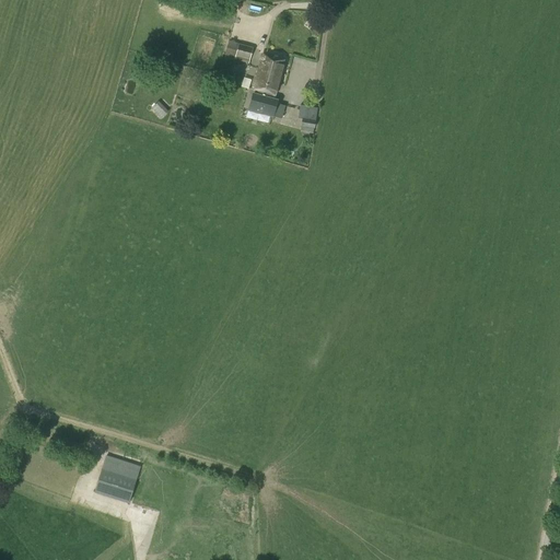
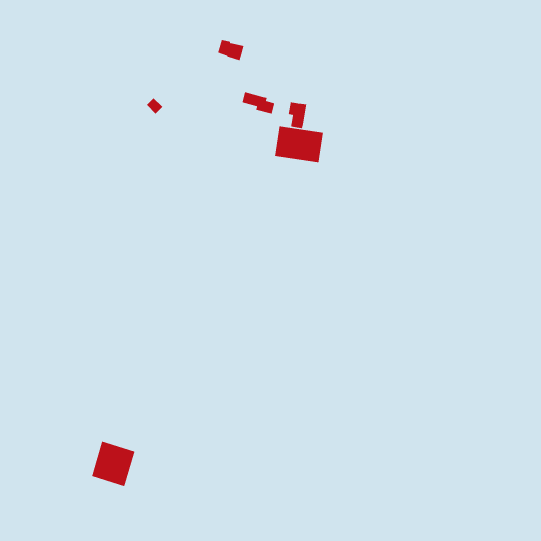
building: [254,55,283,100] -> none
building: none -> [274,126,324,163]

